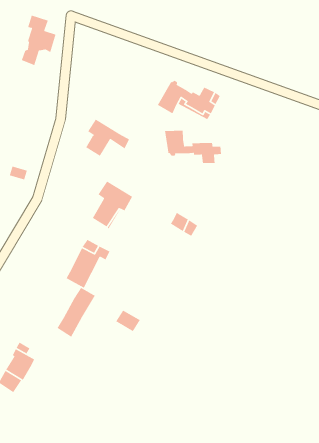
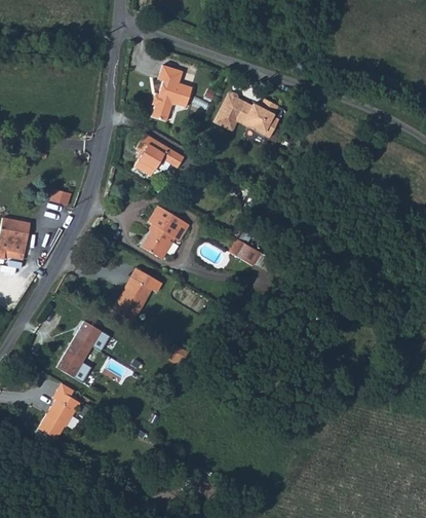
building: [21,14,56,66] -> [151,67,190,123]
building: [164,130,222,164] -> none
building: [56,287,96,338] -> [56,320,100,375]

